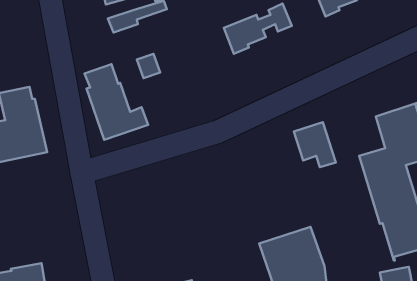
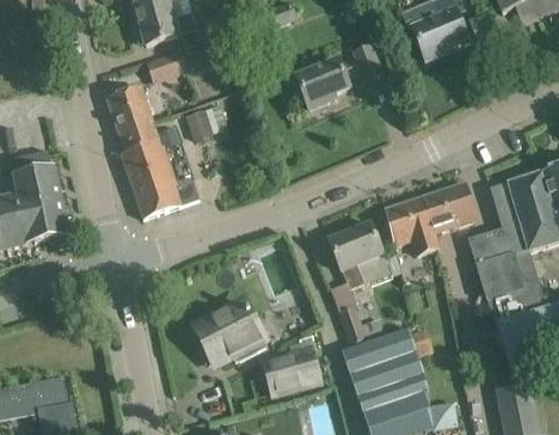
building: none -> [105,85,152,133]
building: none -> [422,180,475,232]
building: none -> [327,222,389,343]
building: none -> [196,301,264,361]
building: none -> [263,348,318,393]

